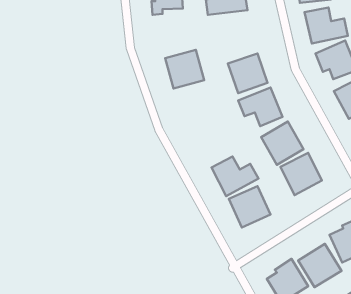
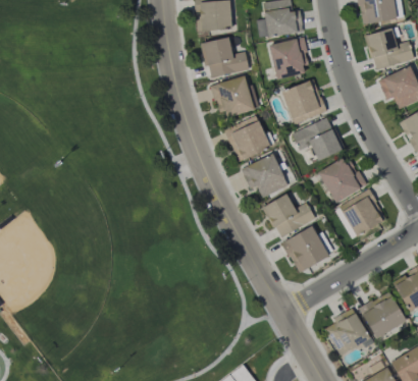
building: none -> [203,38,249,77]
building: none -> [269,38,310,80]
building: none -> [224,116,270,162]
building: none -> [241,154,289,198]

